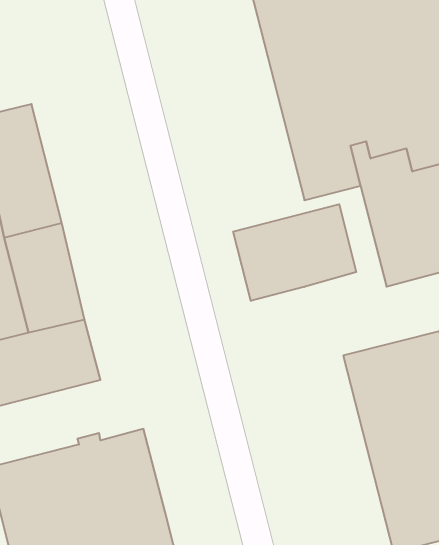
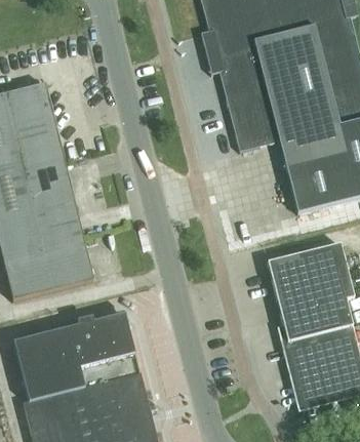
building: [233,204,356,301] -> none

